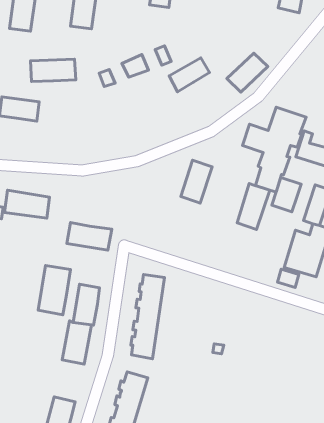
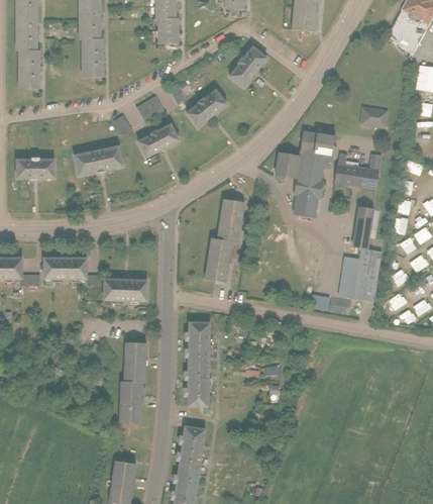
building: [227,53,268,92] -> [230,45,270,88]
building: [30,59,76,82] -> [76,145,125,175]
building: none -> [138,123,182,159]
building: [272,178,301,212] -> none
building: [237,183,270,229] -> [205,235,234,282]
building: [38,266,71,315] -> none

